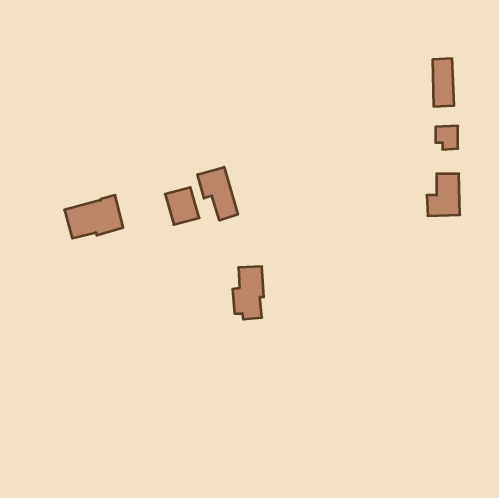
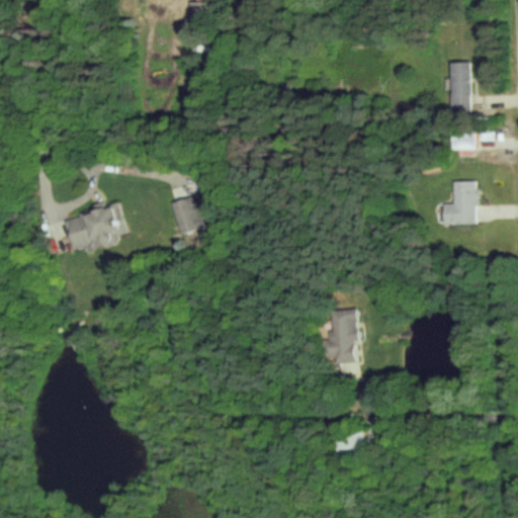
building: [198,167,238,220] -> none
building: [233,267,264,319] -> [327,310,359,364]

